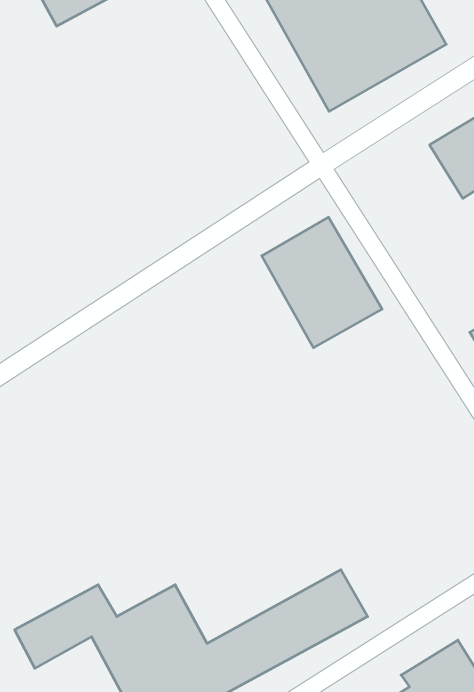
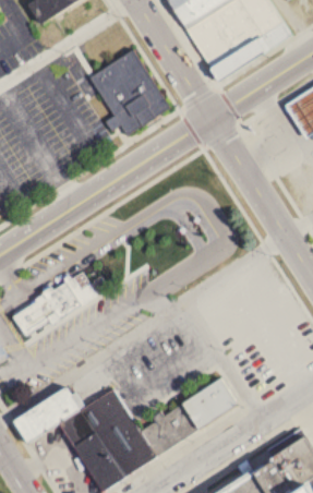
building: [262,217,382,348] -> [89,50,168,135]
building: none -> [12,272,97,337]

